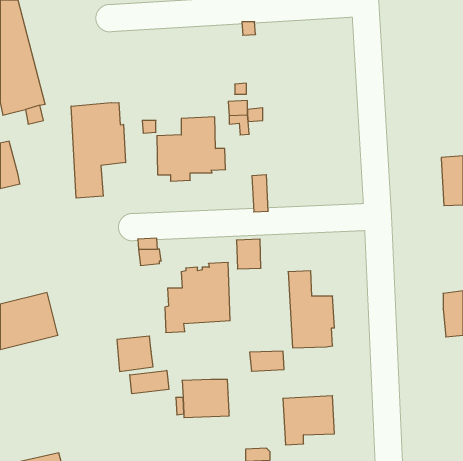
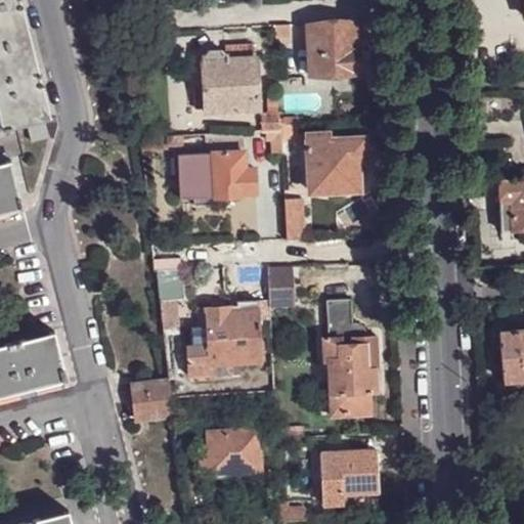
building: none -> [306,21,370,77]
building: none -> [202,46,259,113]
building: [71,103,126,198] -> none
building: none -> [307,134,363,192]
building: [250,351,284,371] -> [331,394,369,417]
building: [130,370,169,394] -> none

